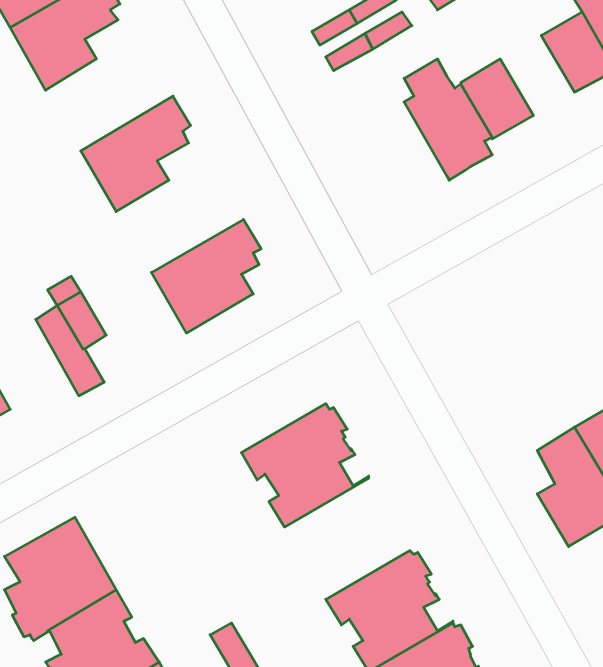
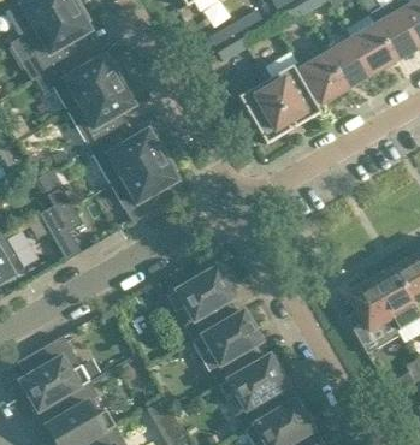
building: none -> [325,38,371,88]
building: none -> [35,53,124,109]
building: none -> [238,79,294,143]
building: none -> [89,127,167,184]
building: none -> [193,310,270,385]

